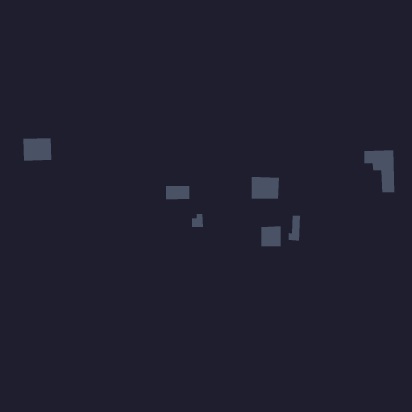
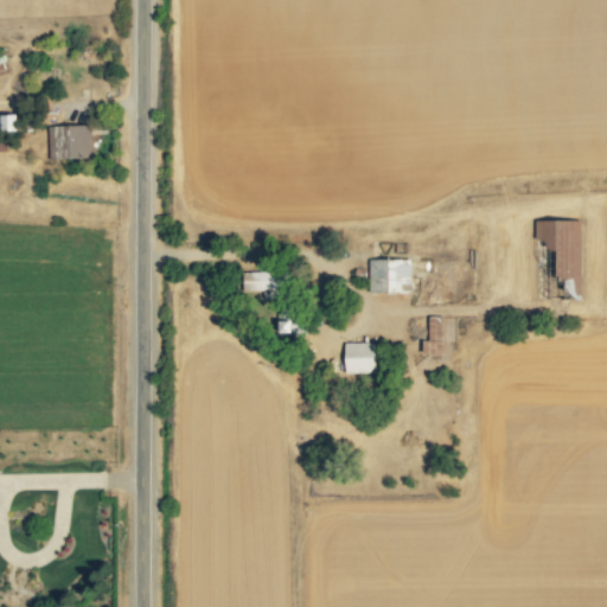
building: [22,138,52,161] -> [47,126,91,160]
building: [261,226,282,247] -> [345,343,376,373]

